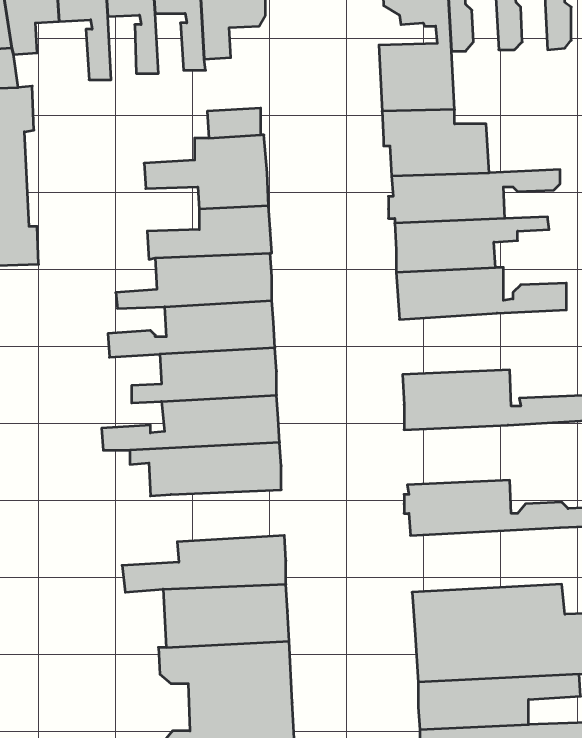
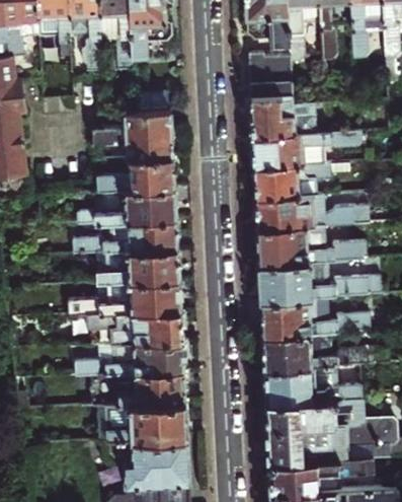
building: none -> [258,223,361,263]
building: none -> [261,295,369,334]
building: none -> [75,337,186,372]
building: none -> [265,361,363,403]

